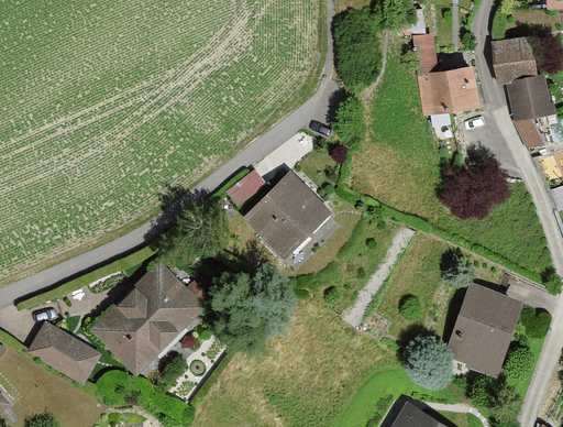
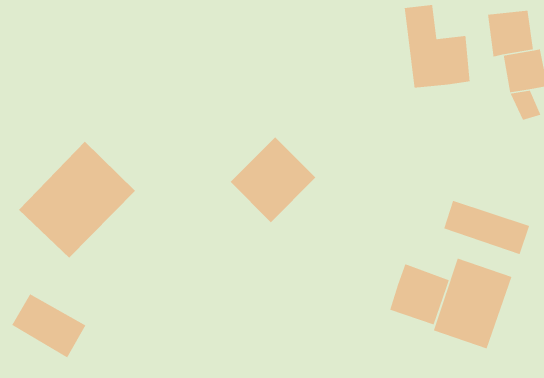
building: none -> [443,200,530,255]
building: [87,261,203,377] -> [18,141,136,259]
building: none -> [389,263,450,325]

